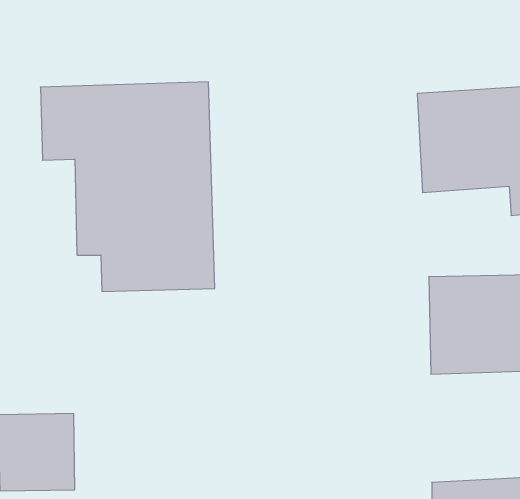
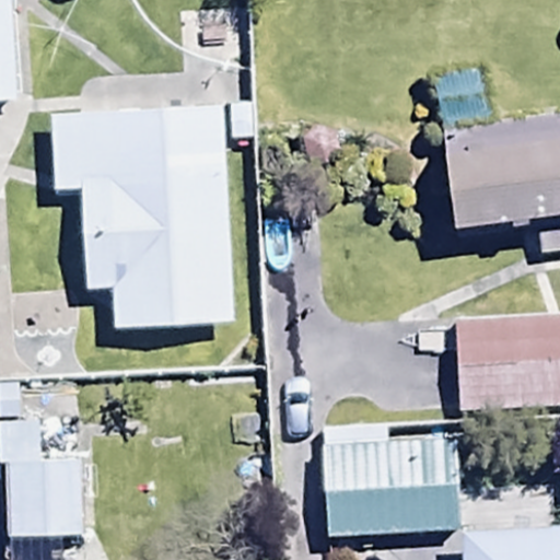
building: none -> [325,440,447,533]

